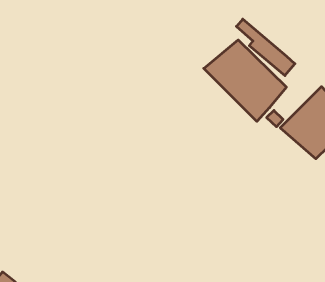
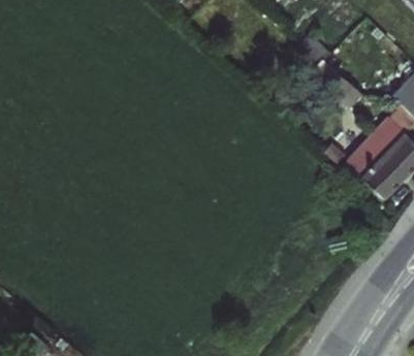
building: [204,40,286,121] -> none

